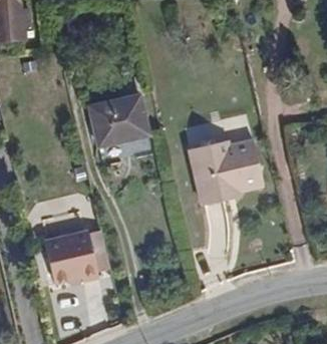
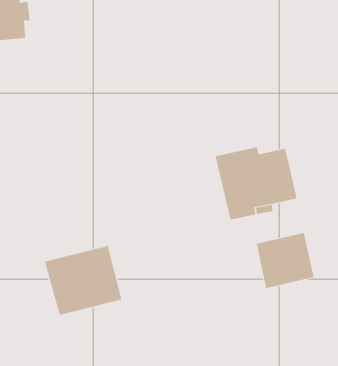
building: [89,94,149,145] -> none
building: none -> [256,232,314,289]

